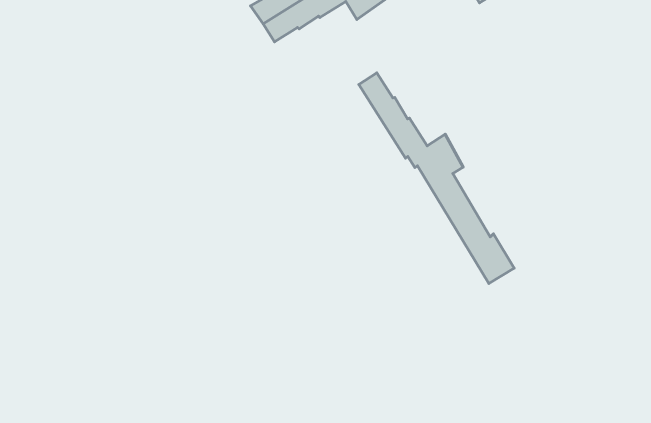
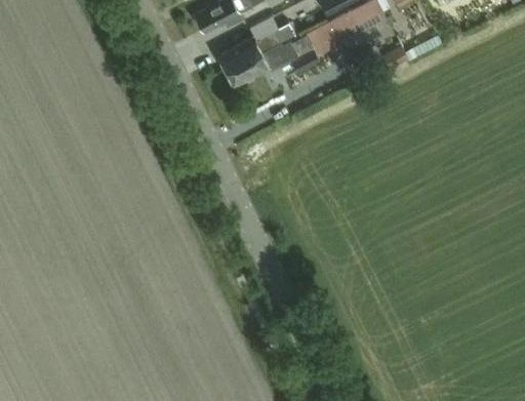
building: [359,73,514,284] -> none

